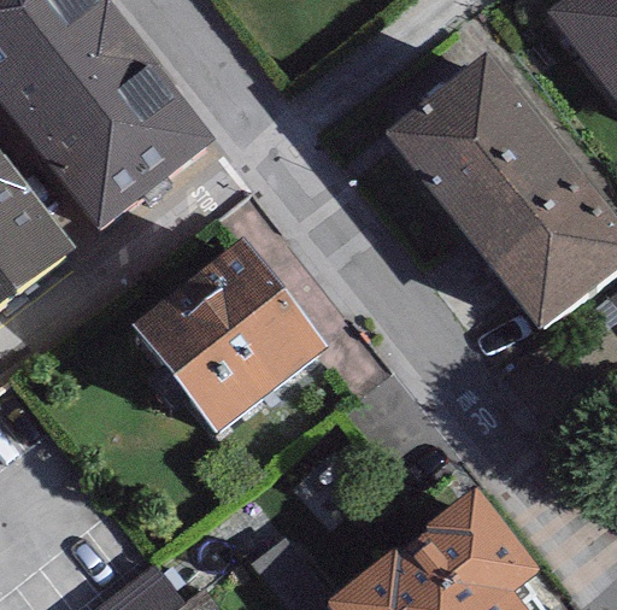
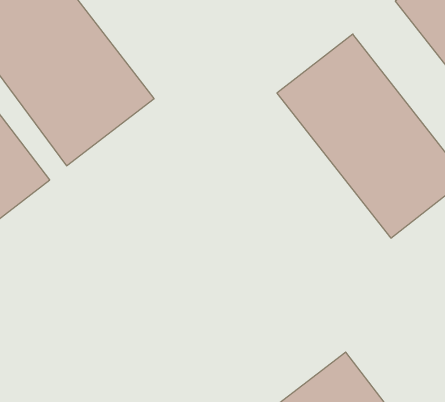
building: [133,242,322,433] -> none

